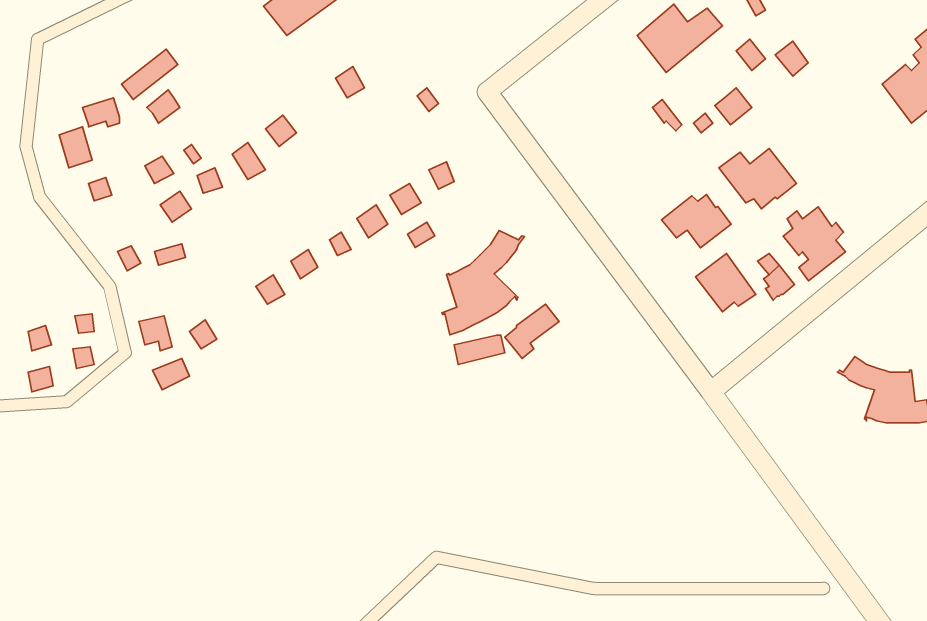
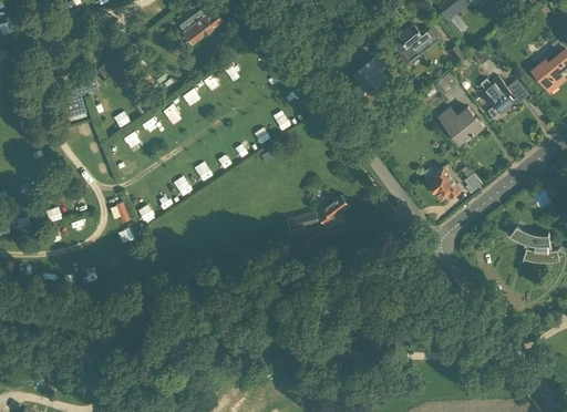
building: none -> [350,61,390,94]
building: [661,195,731,248] -> none
building: [783,207,845,281] -> [480,76,515,119]
building: [442,231,525,335] -> none

